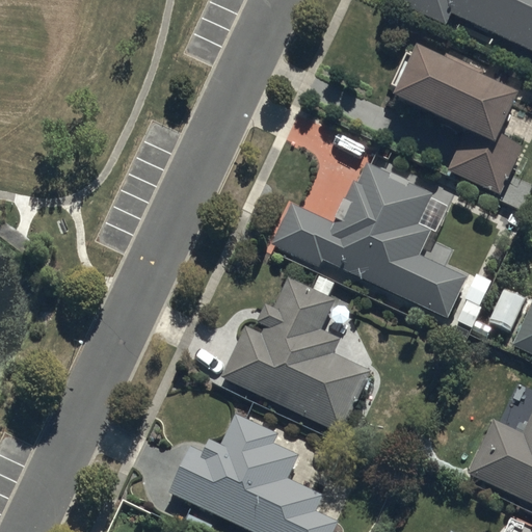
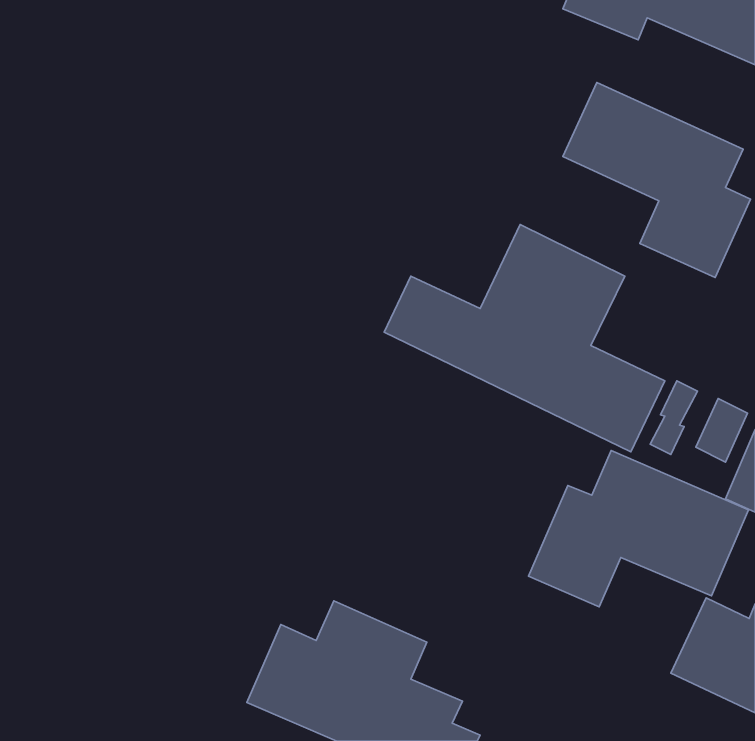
building: [224,273,371,433] -> none
building: none -> [529,451,748,607]

